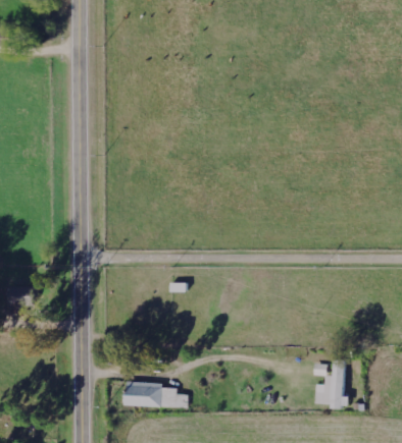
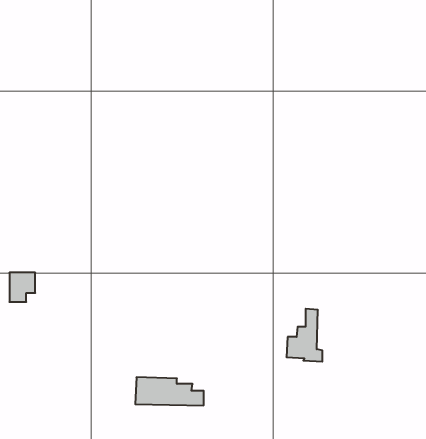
building: [315,359,348,407] -> [286,309,322,362]

